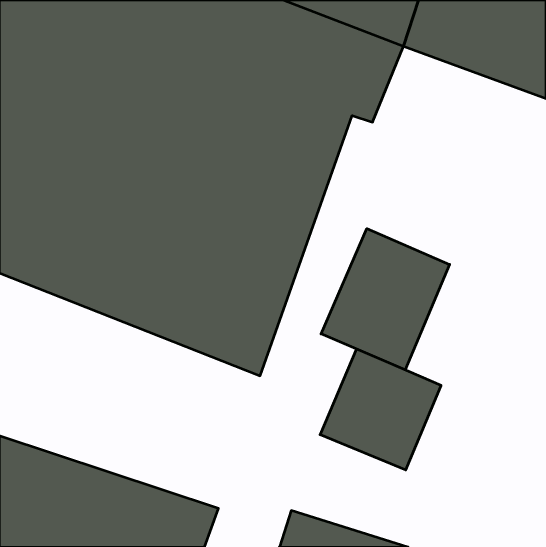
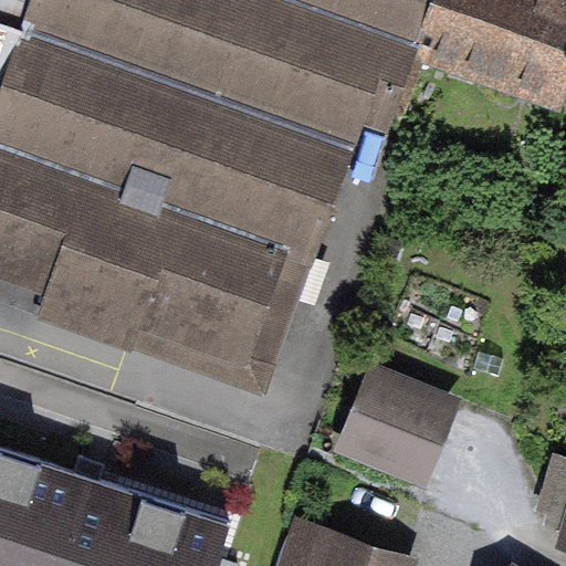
building: [321,229,450,370] -> none

